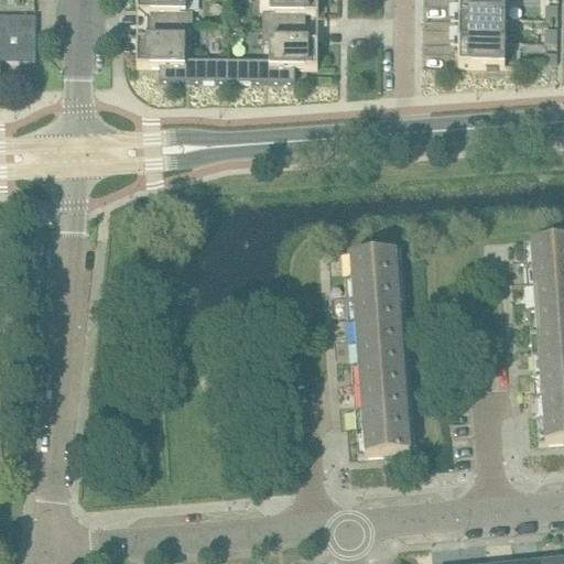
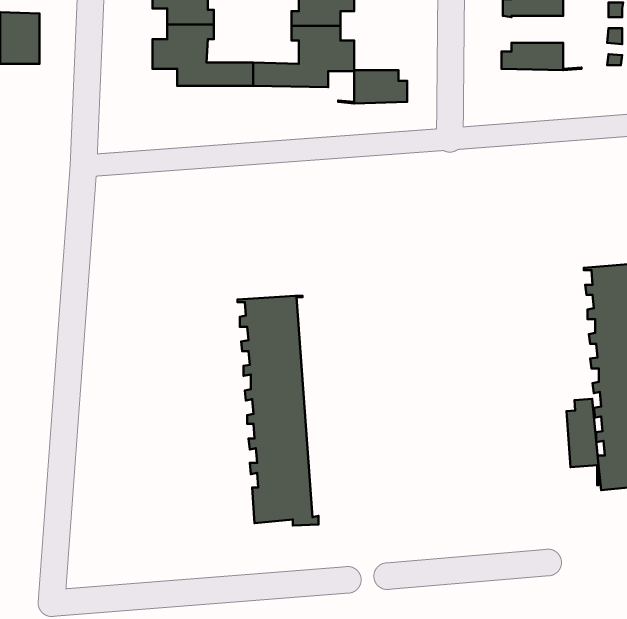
building: [451,14,506,39] -> none
building: none -> [338,70,407,103]
building: [344,250,416,456] -> [237,296,319,526]
building: none -> [566,399,599,485]

